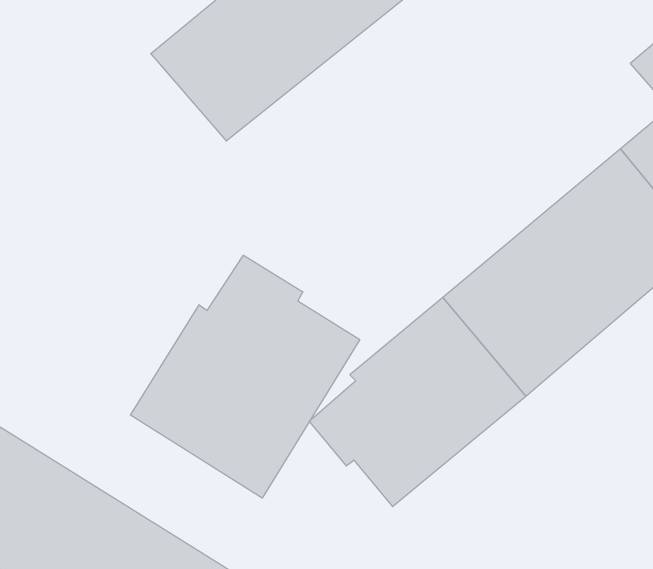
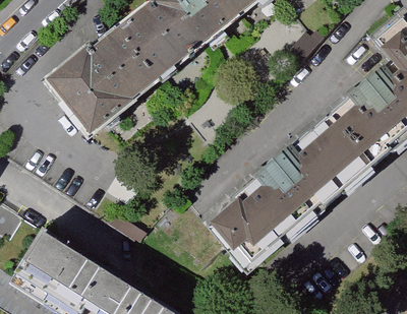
building: none -> [49,30,161,135]
building: [130,255,360,498] -> none

